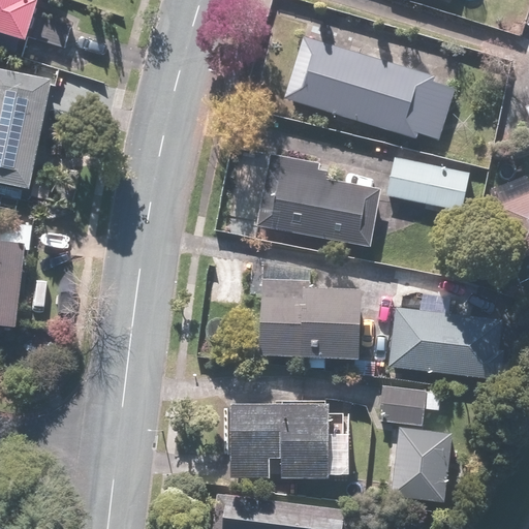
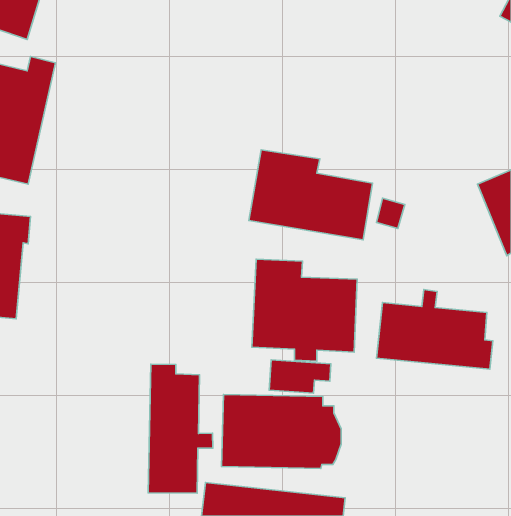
building: [277,34,456,141] -> none
building: [383,157,466,211] -> none
building: none -> [148,364,213,493]
building: [376,388,439,423] -> [269,360,331,393]
building: [391,429,450,503] -> none

